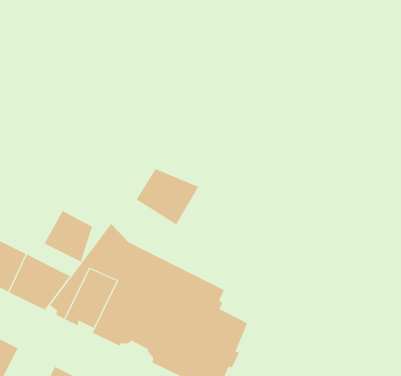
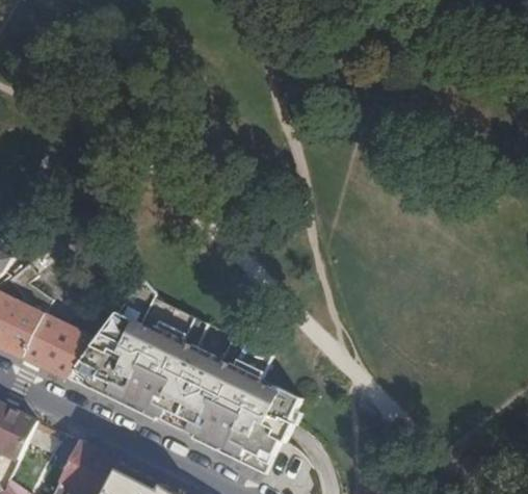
building: [136,168,199,225] -> none
building: [44,210,93,263] -> none

